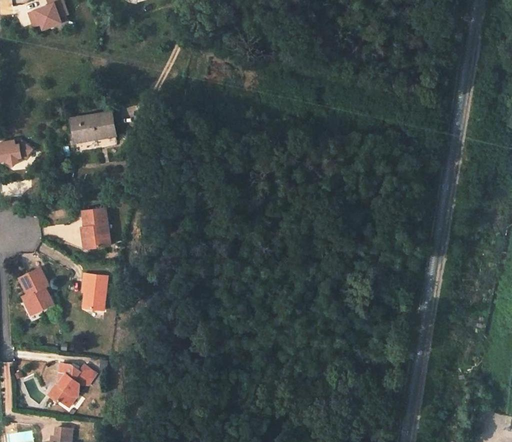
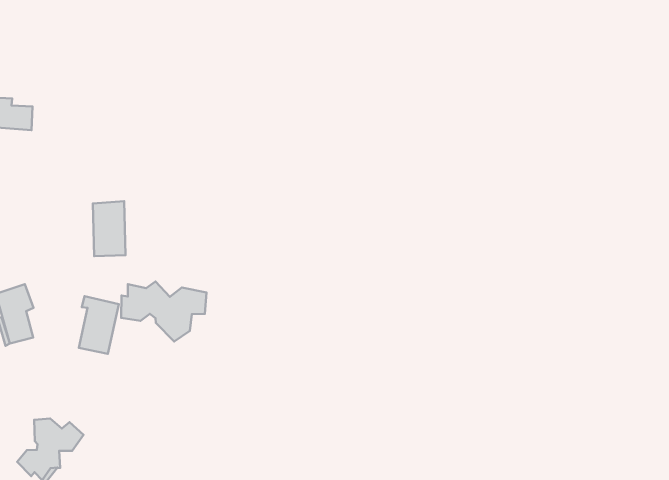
building: [70,111,113,139] -> none
building: none -> [121,281,206,341]

